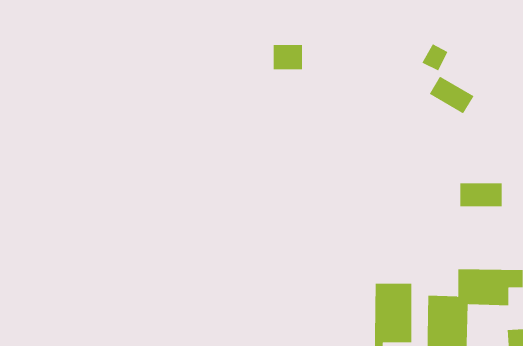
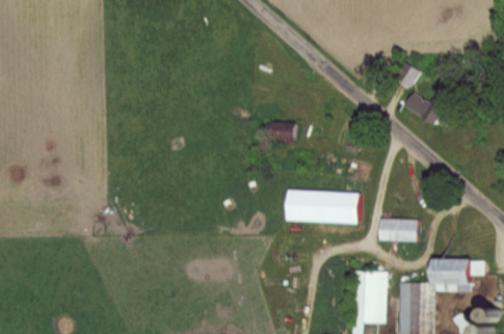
building: [273,45,303,70] -> [267,121,293,143]
building: [459,183,502,207] -> [378,219,416,239]
building: none -> [283,189,356,223]

